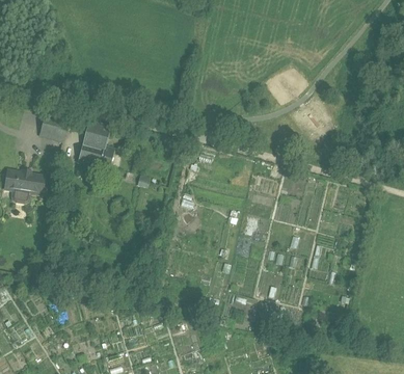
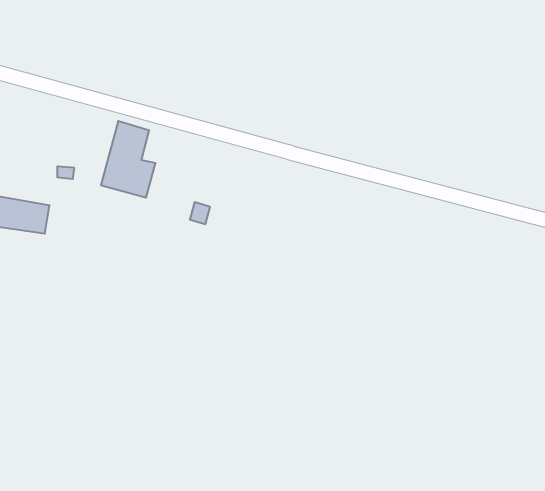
building: [39,114,68,141] -> none

